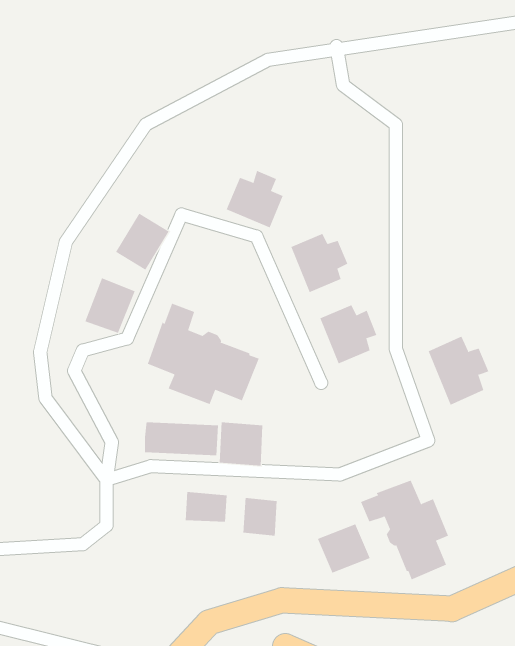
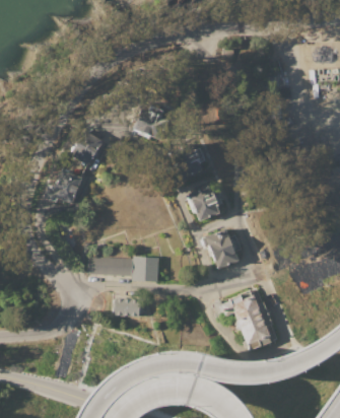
building: [147,303,259,405] -> none
building: [428,336,489,406] -> [203,227,240,269]
building: [243,497,277,536] -> none
building: [317,524,371,573] -> none

